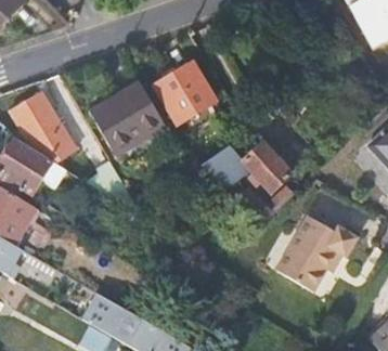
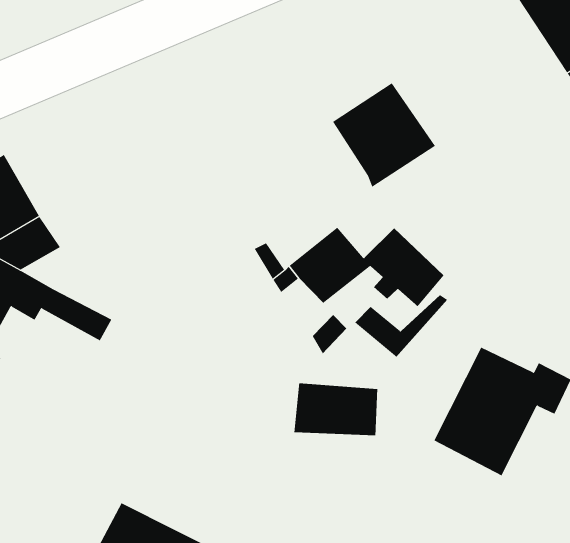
building: [157,66,216,126] -> [332,82,436,188]
building: [93,82,168,156] -> none
building: none -> [294,383,378,436]

